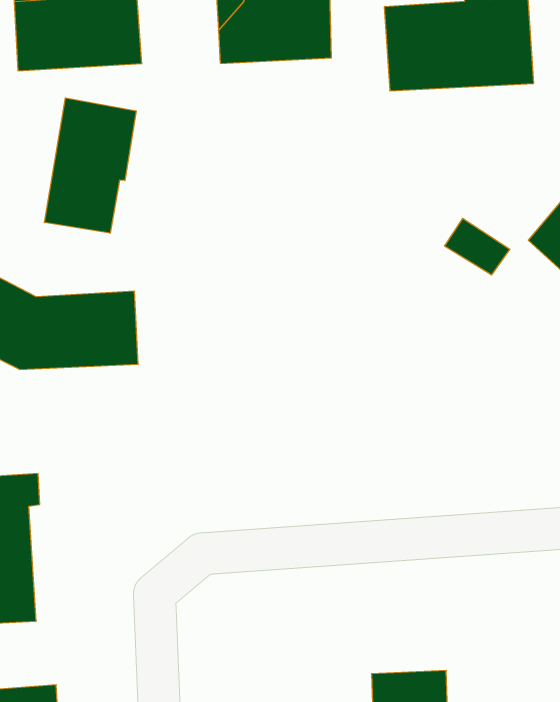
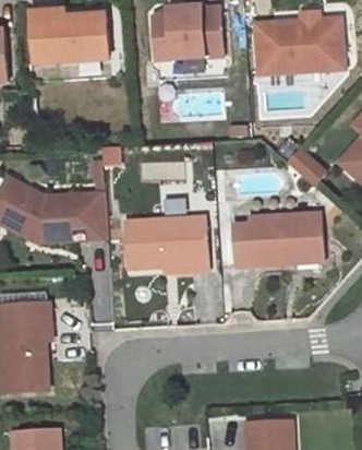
building: [44,98,136,233] -> none
building: none -> [233,213,323,265]
building: none -> [125,216,207,271]

